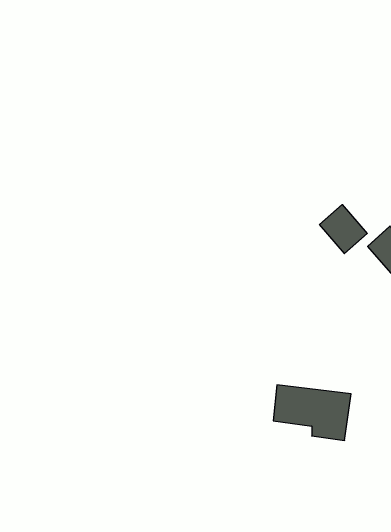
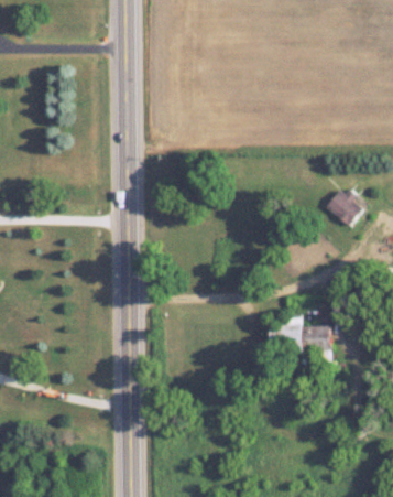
building: [320,205,367,254] -> none

